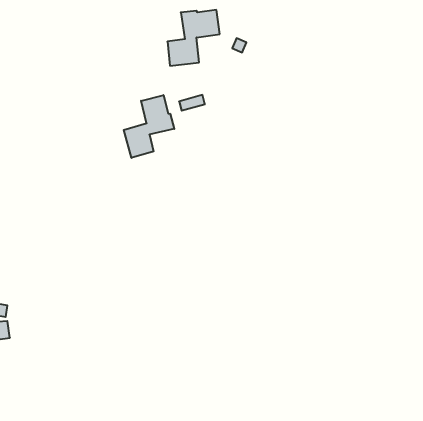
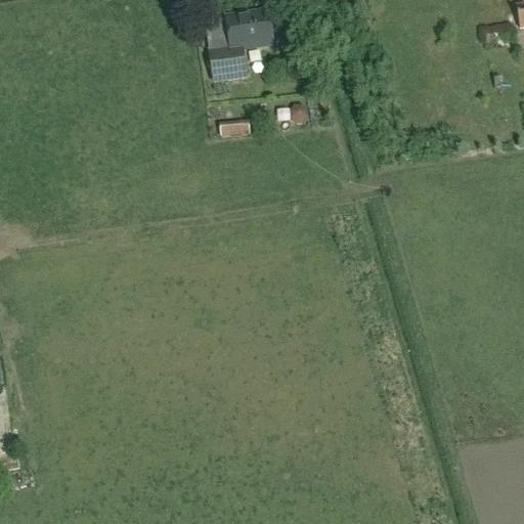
building: [124,95,174,158] -> none

